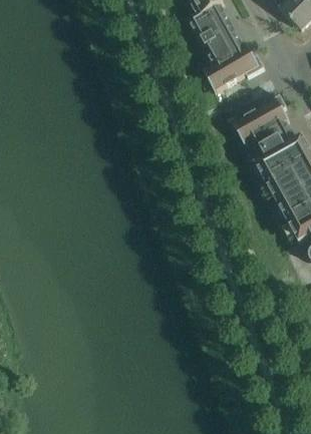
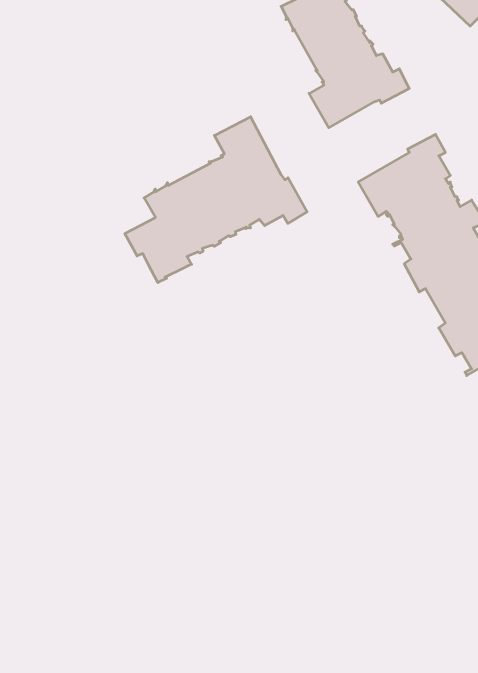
building: none -> [125,117,307,283]

